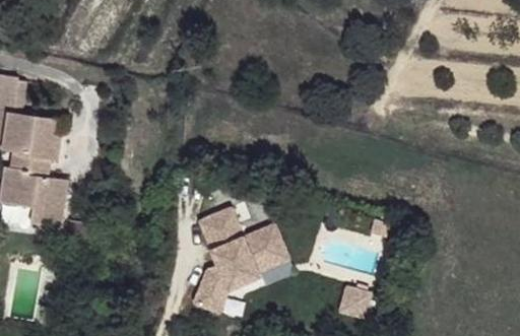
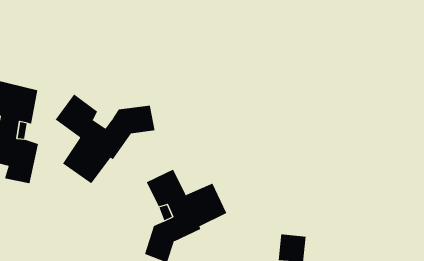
building: none -> [55,93,155,184]

